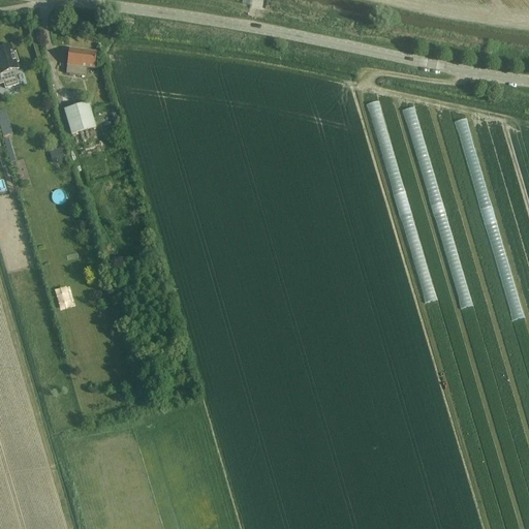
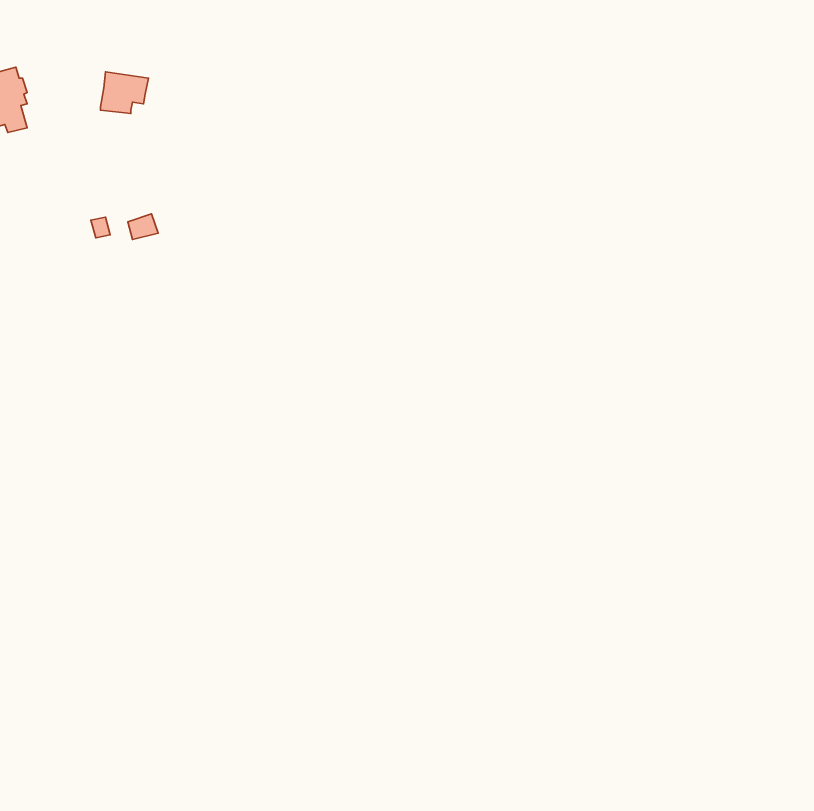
building: [63,100,95,133] -> none

